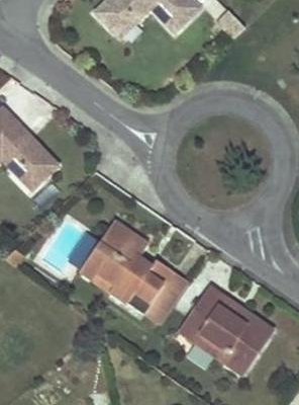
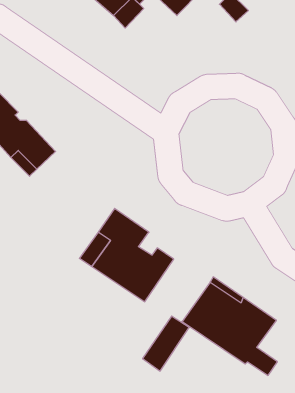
building: [143,270,189,324] -> [143,316,189,371]

